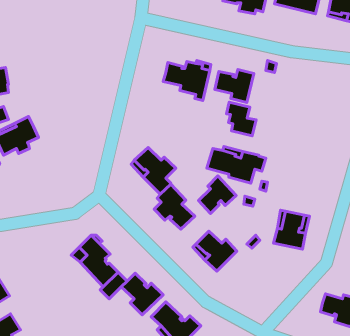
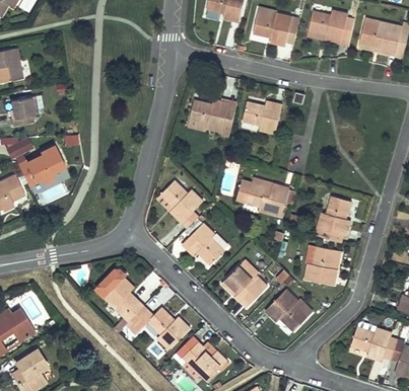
building: [227,102,256,136] -> none
building: none -> [312,196,348,241]
building: [198,176,236,213] -> none
building: none -> [264,287,305,328]

